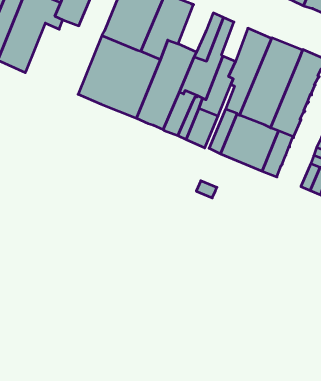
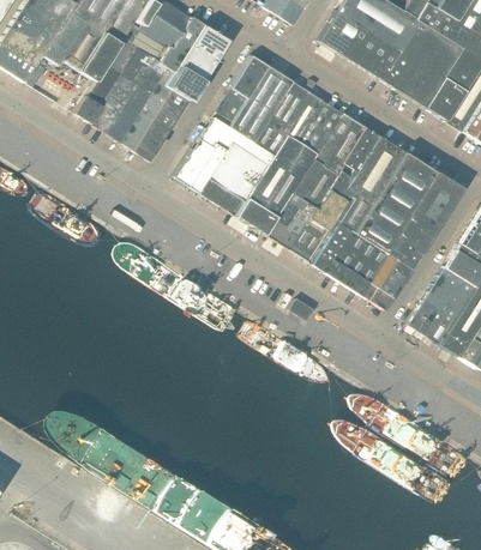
building: none -> [299,99,344,153]
building: none -> [122,91,191,162]
building: none -> [345,127,380,171]

